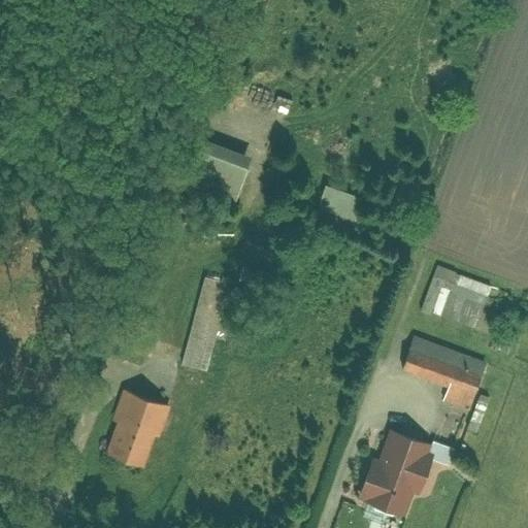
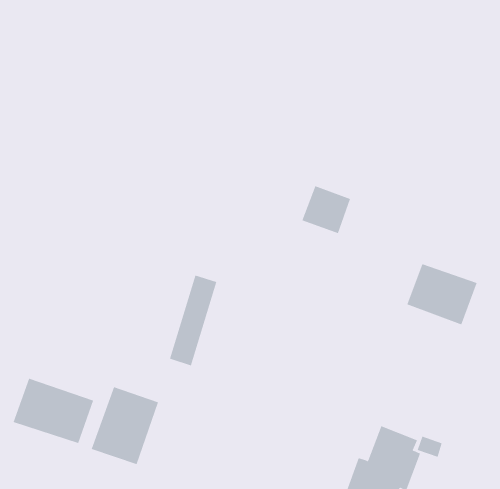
building: [192,144,248,195] -> none
building: [402,337,485,406] -> none
building: none -> [13,378,94,444]

